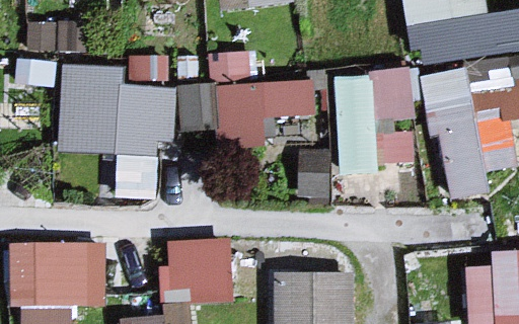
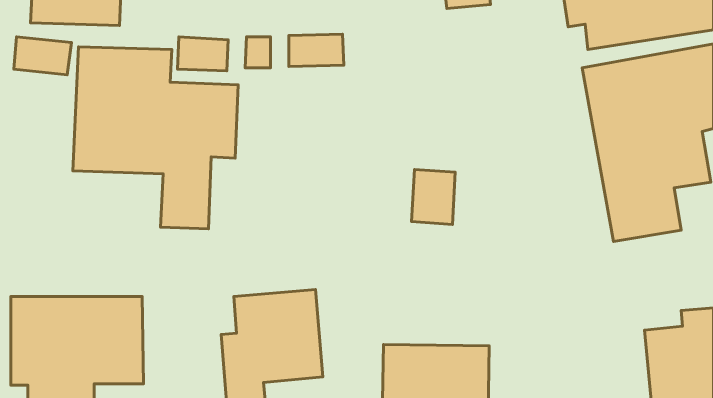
building: [328,67,415,179] -> none
building: [180,80,314,145] -> none

